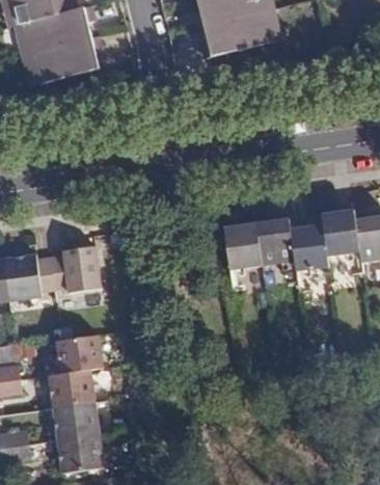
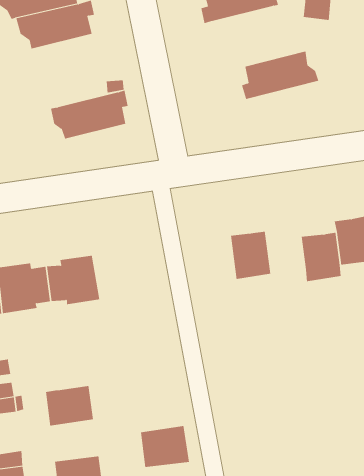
building: [202,11,276,57] -> [241,51,319,99]
building: [29,35,103,82] -> [50,90,128,139]
building: [256,218,294,264] -> none
building: [56,334,102,373] -> none
building: [53,401,100,440] -> [140,426,190,468]

